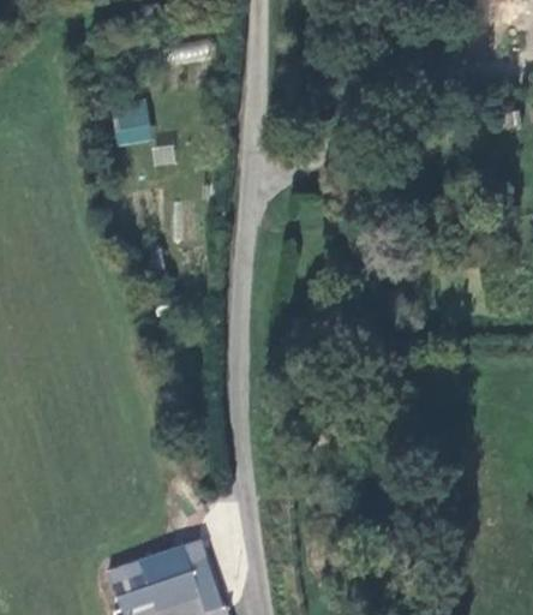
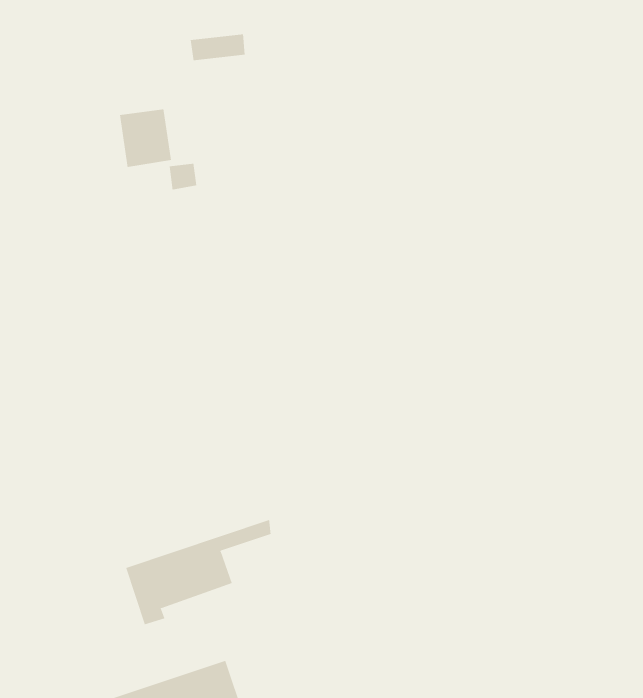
building: none -> [125,519,271,625]

